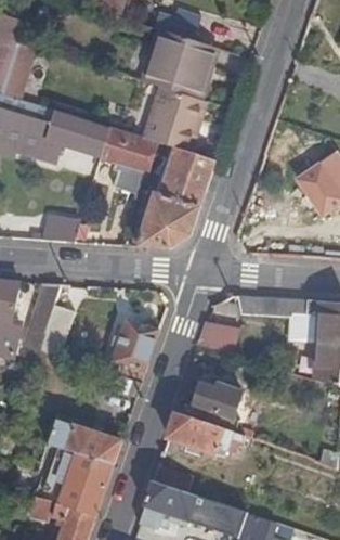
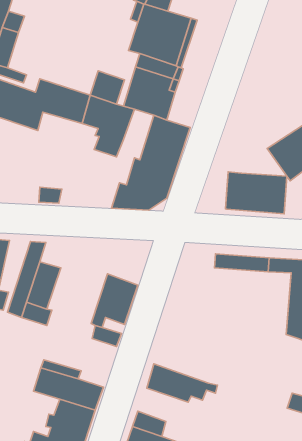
building: none -> [226,172,287,214]
building: [200,309,241,352] -> none
building: [193,380,241,435] -> none

